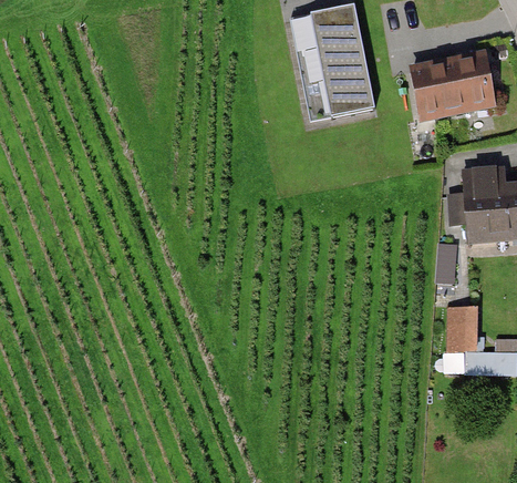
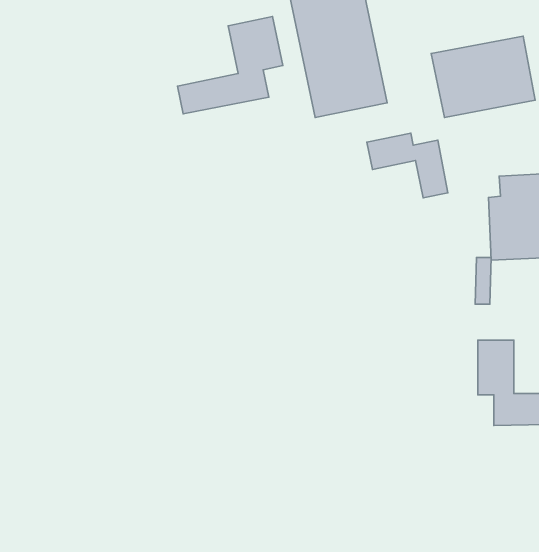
building: none -> [177,17,283,114]
building: none -> [367,133,448,198]

